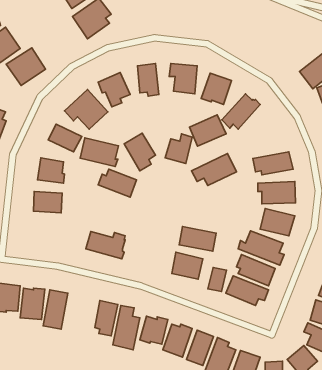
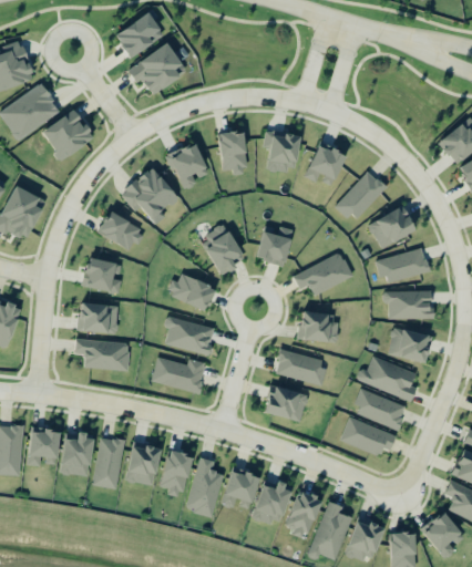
building: [189,115,226,146] -> [368,206,418,248]
building: [80,138,119,166] -> [163,316,215,354]
building: none -> [299,310,339,342]
building: none -> [75,339,130,369]
building: [208,268,227,292] -> none
building: none -> [127,442,162,485]

